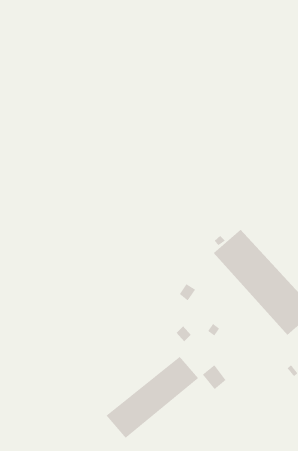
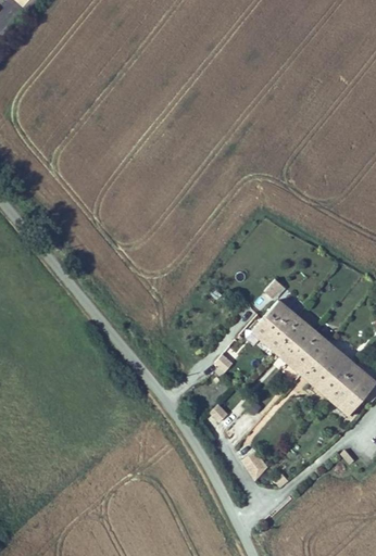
building: [106,356,199,439] -> none

